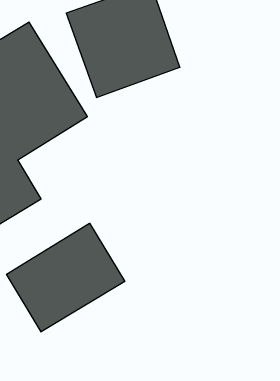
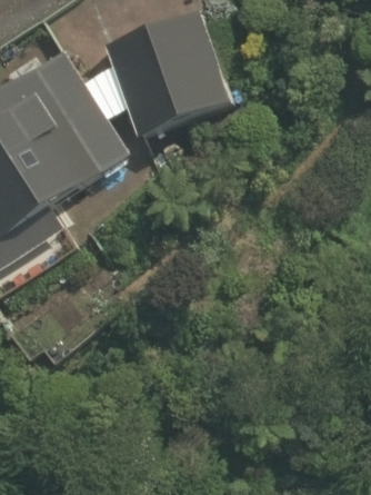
building: [7,223,125,332] -> none

